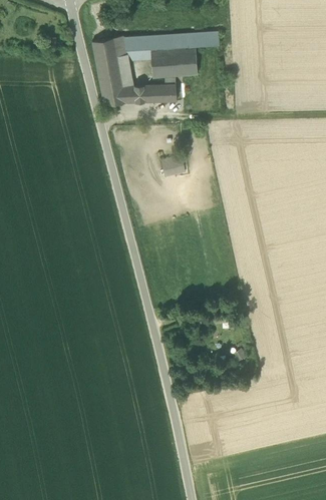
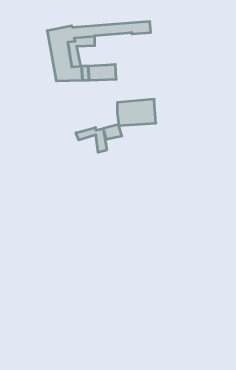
building: [150,44,198,76] -> [117,99,156,126]
building: none -> [76,127,107,152]

